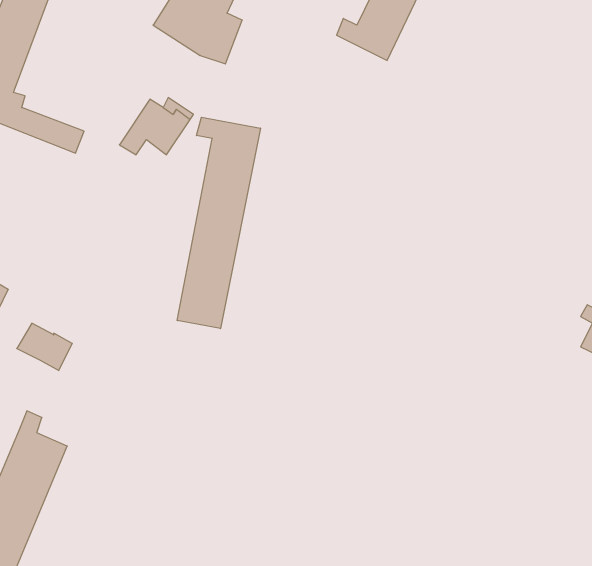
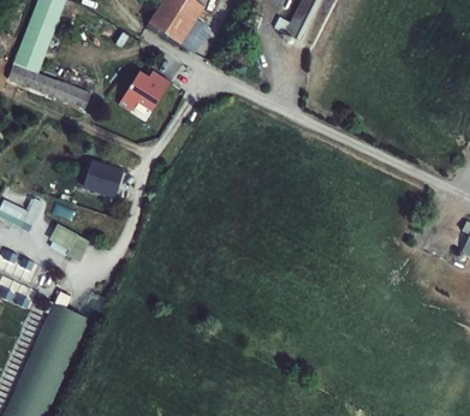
building: [177,117,260,329] -> none
building: none -> [82,162,129,200]

